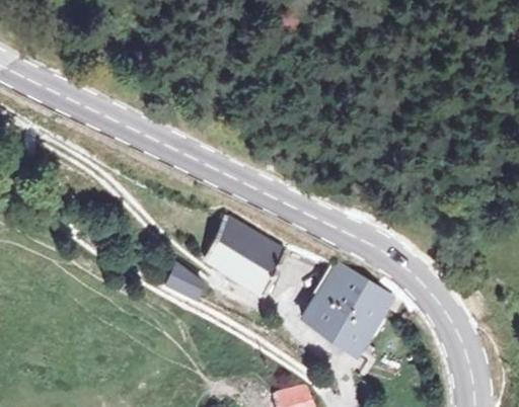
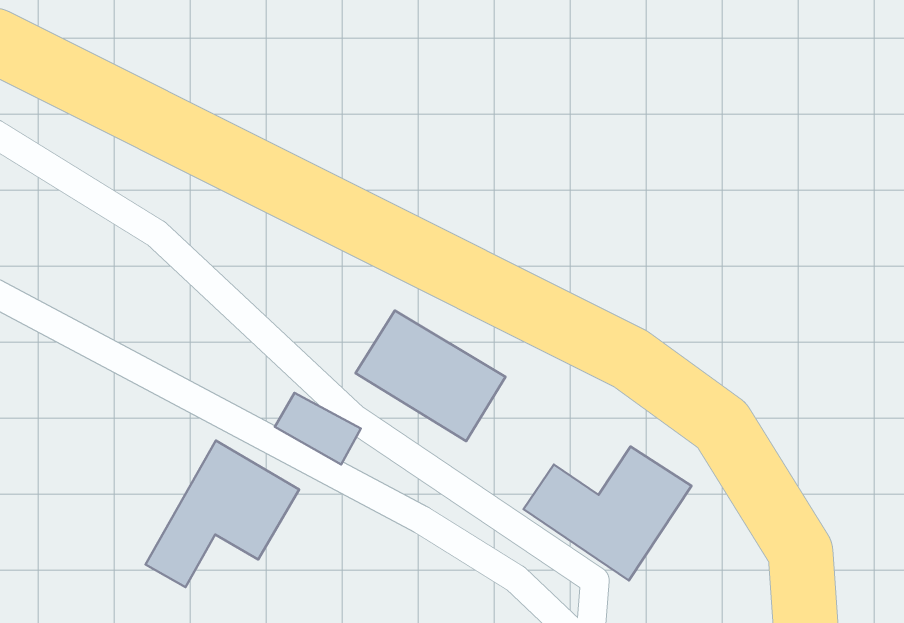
building: [314,267,358,312] -> none
building: none -> [145,440,299,587]

